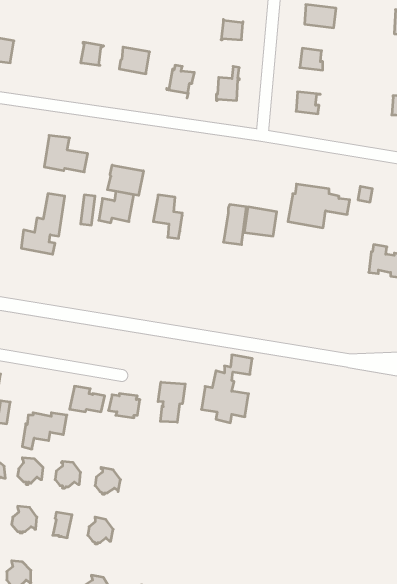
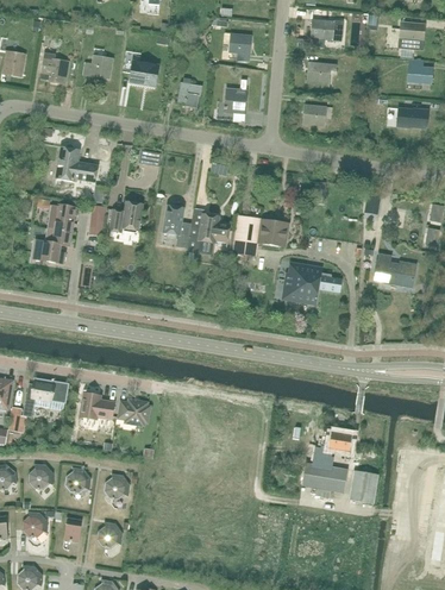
building: none -> [40,52,67,82]
building: [107,165,143,195] -> none
building: [288,184,350,228] -> [281,262,341,305]
building: none -> [188,213,219,243]
building: [201,355,252,423] -> [301,431,351,497]
building: [158,382,185,422] -> none
building: [22,413,67,449] -> [23,381,67,416]
building: none -> [349,469,378,503]

